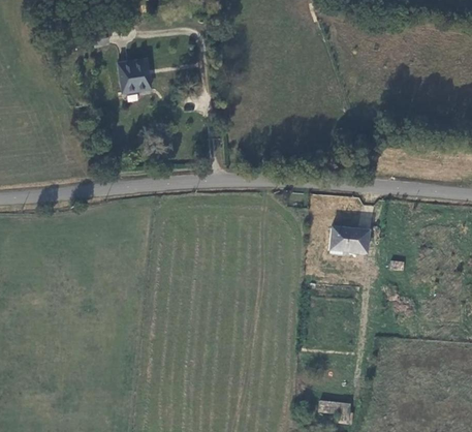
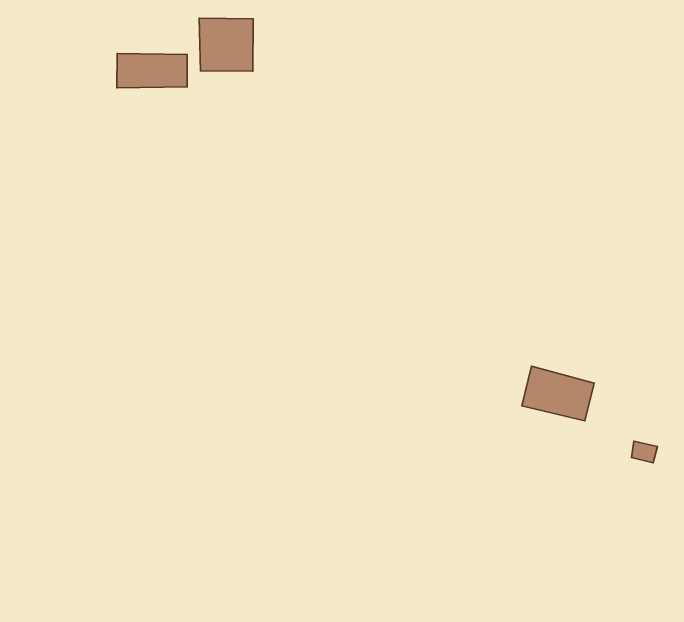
building: none -> [117,54,187,88]

